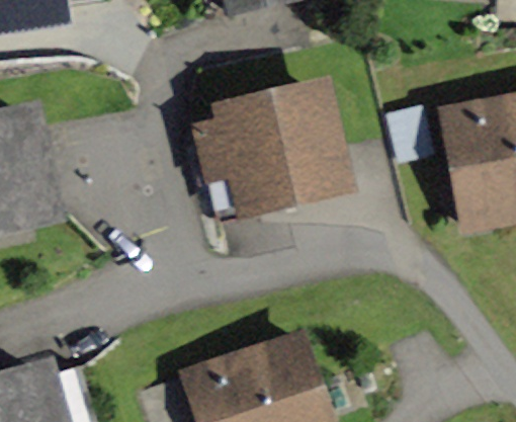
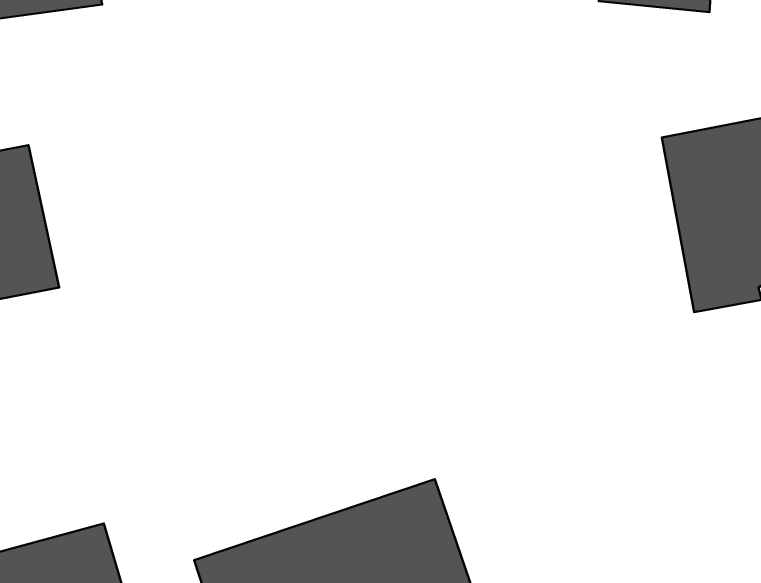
building: [197,89,341,204] -> none

